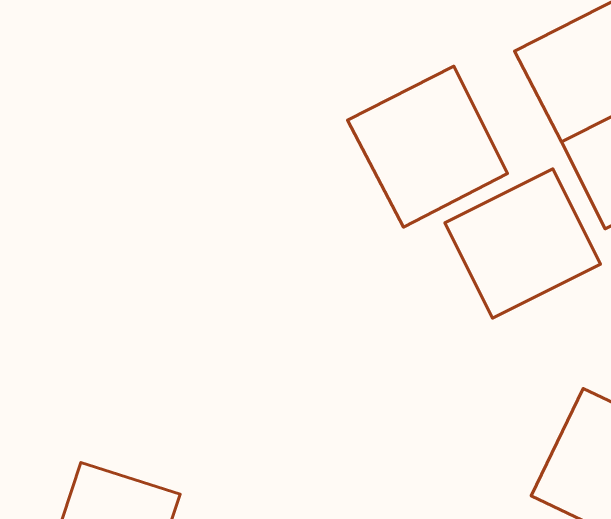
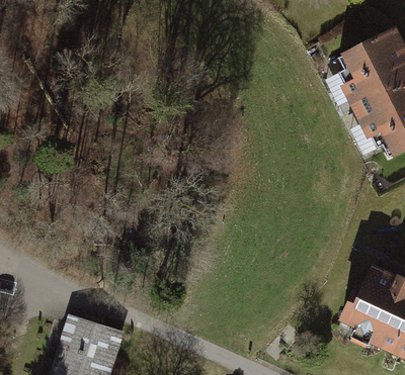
building: [347,66,507,227] -> none
building: [445,169,601,318] -> none

